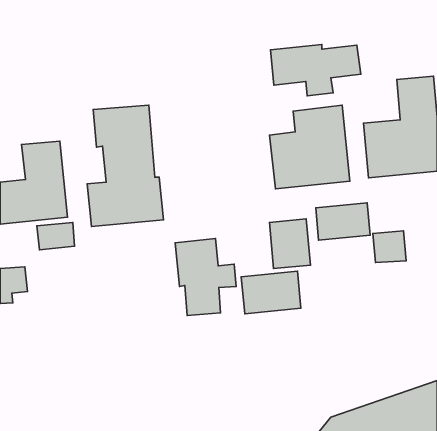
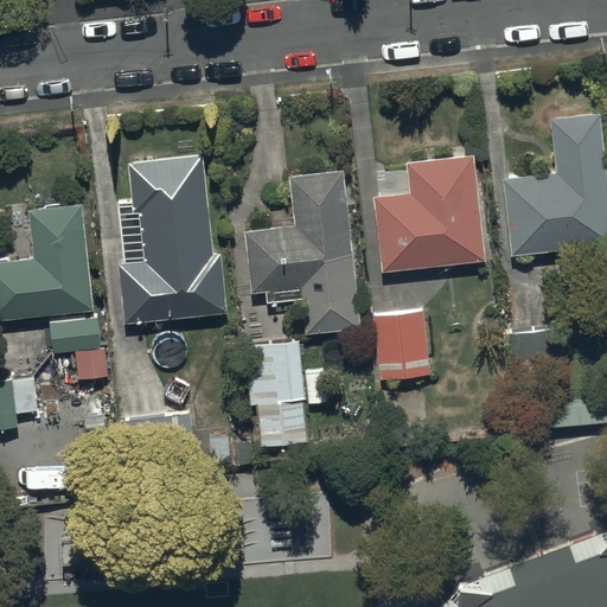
building: [270,44,361,96] -> none
building: none -> [244,170,359,334]
building: [316,203,370,240] -> none
building: [241,271,301,314] -> none

